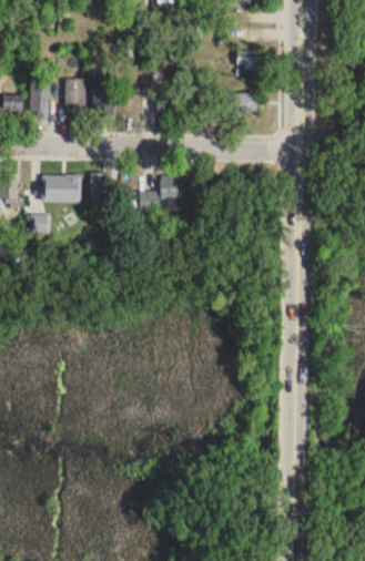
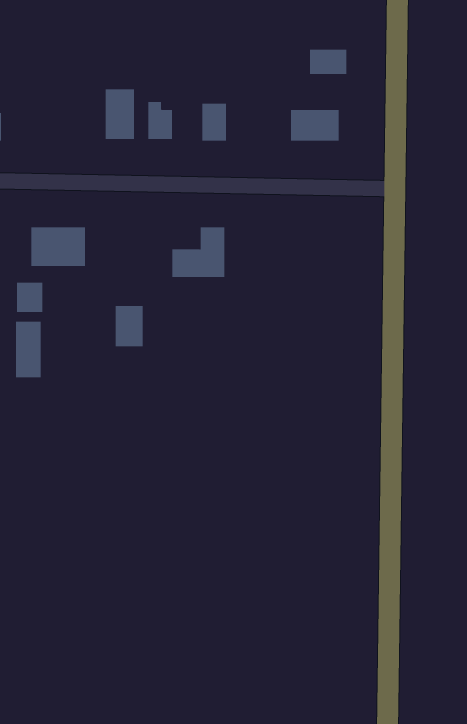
building: [31,78,49,119] -> none
building: [65,80,85,113] -> none
building: [91,173,111,202] -> [115,306,143,347]
building: none -> [16,321,41,378]

